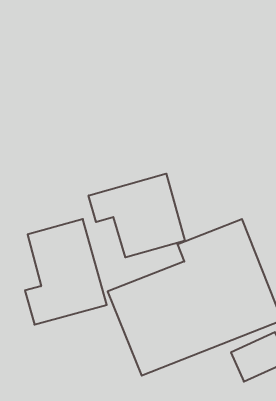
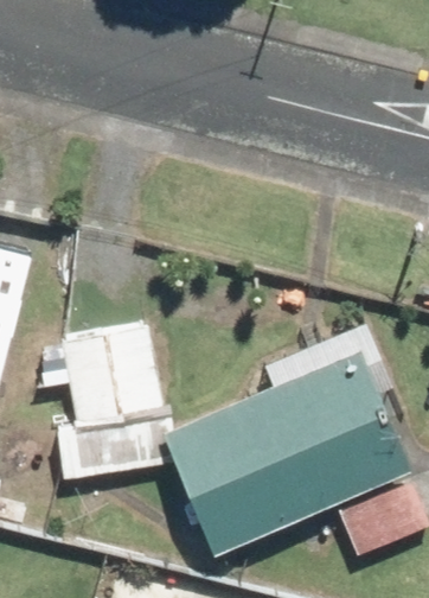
building: [89,174,185,257] -> none

